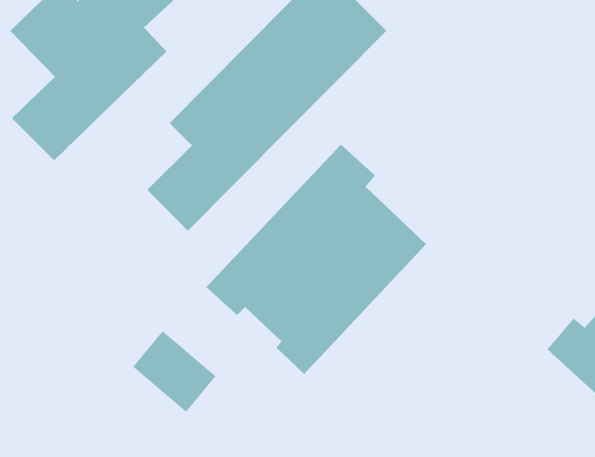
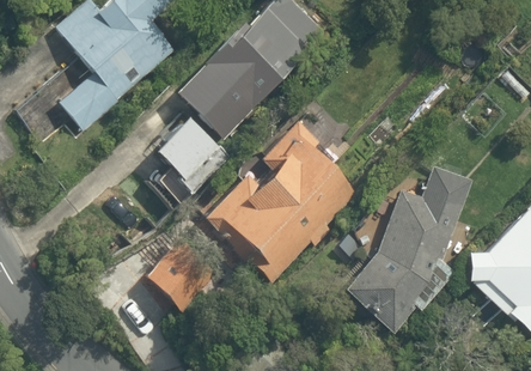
building: none -> [341,186,465,339]

